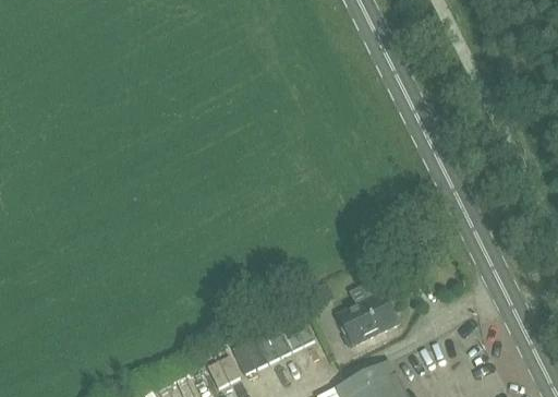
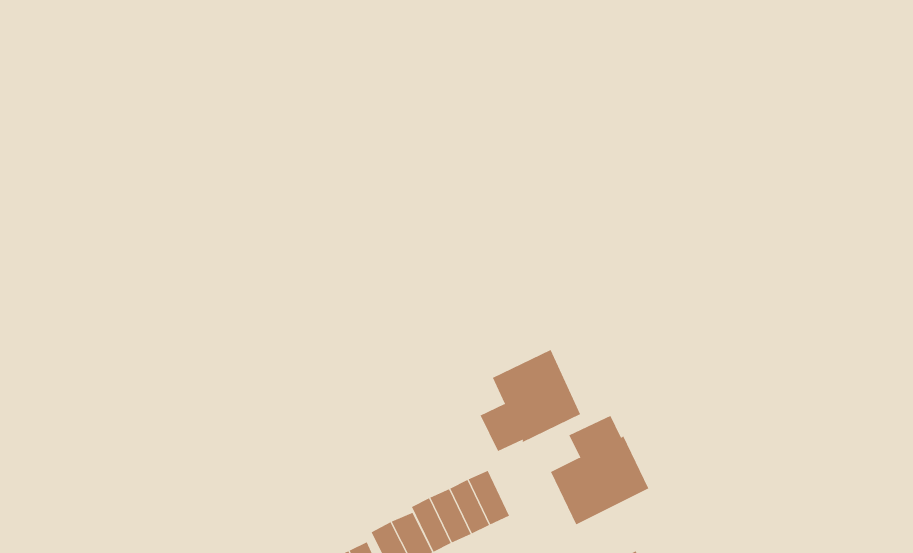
building: none -> [480,349,581,452]

